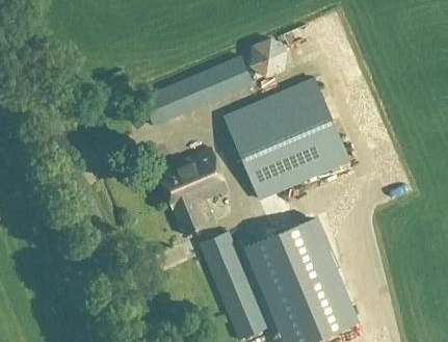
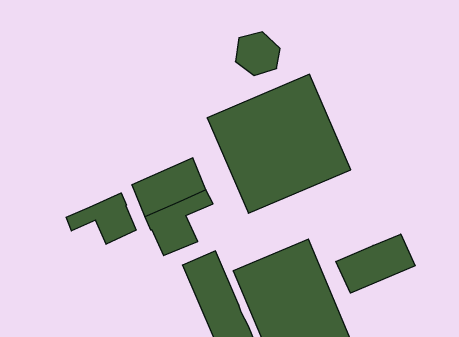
building: [139,55,253,128] -> none
building: none -> [66,193,136,244]
building: none -> [336,234,415,293]

